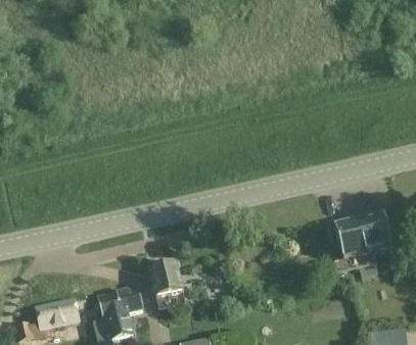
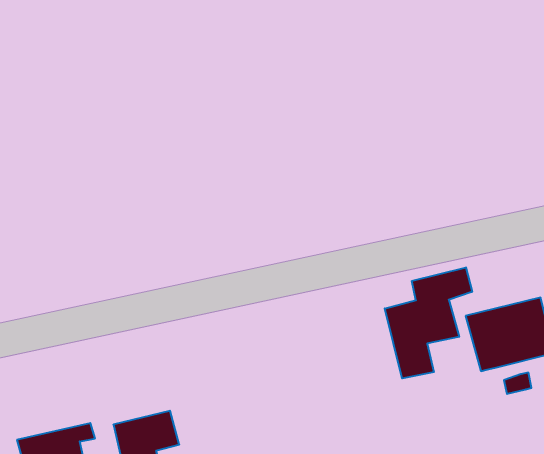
building: none -> [385,267,472,378]
building: [150,262,186,310] -> none

